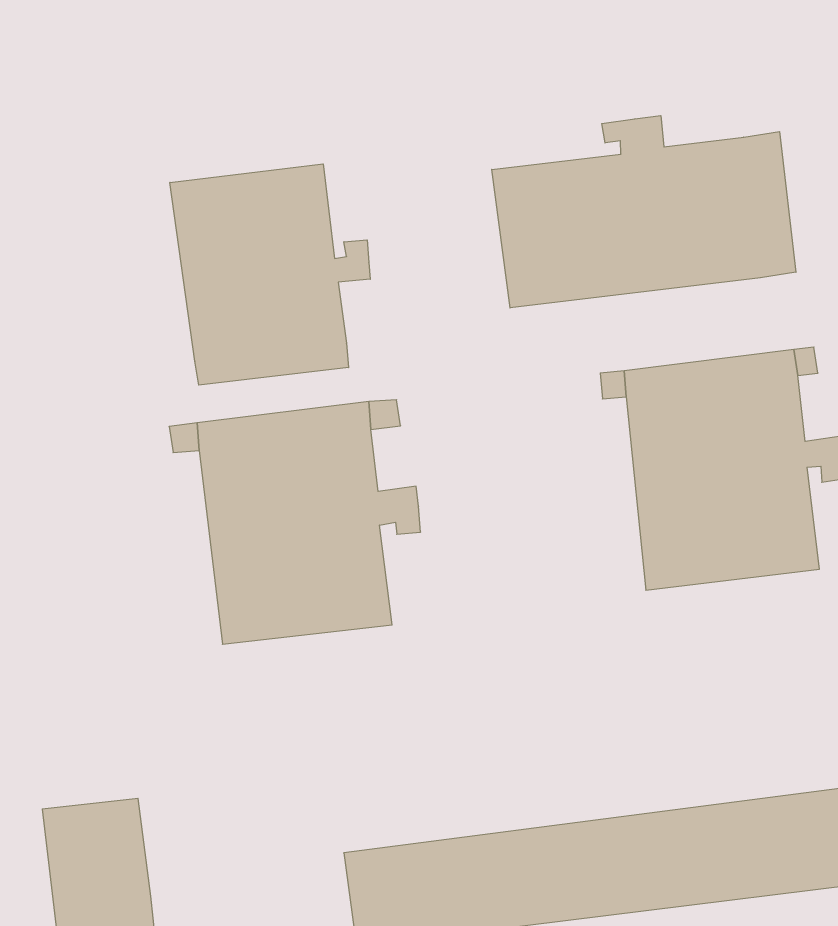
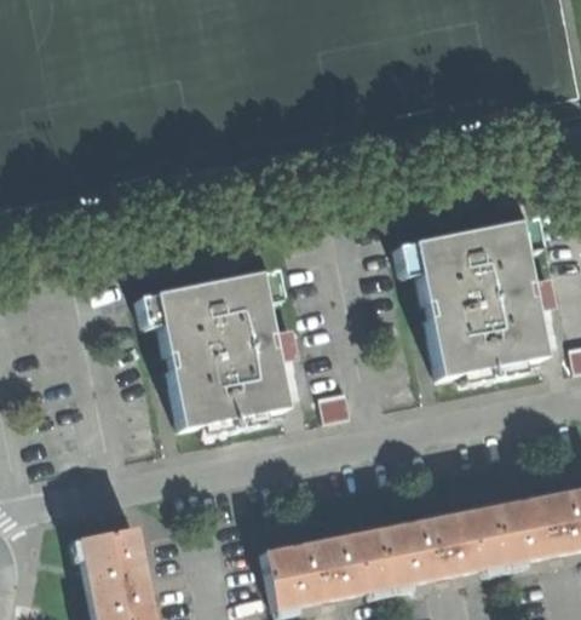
building: [492,116,796,308] -> none
building: [170,164,370,385] -> none

